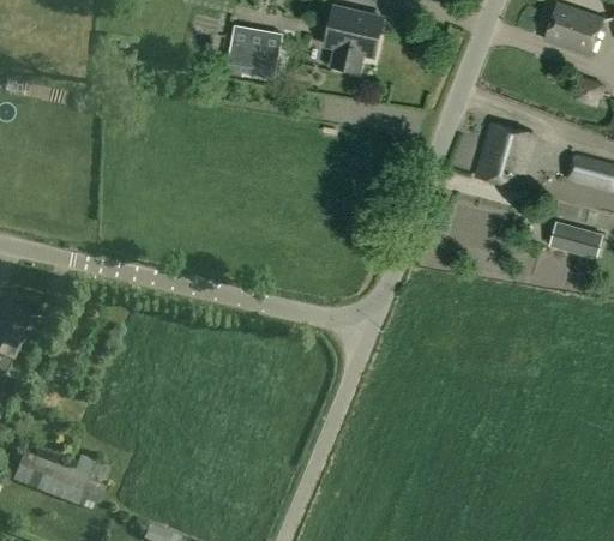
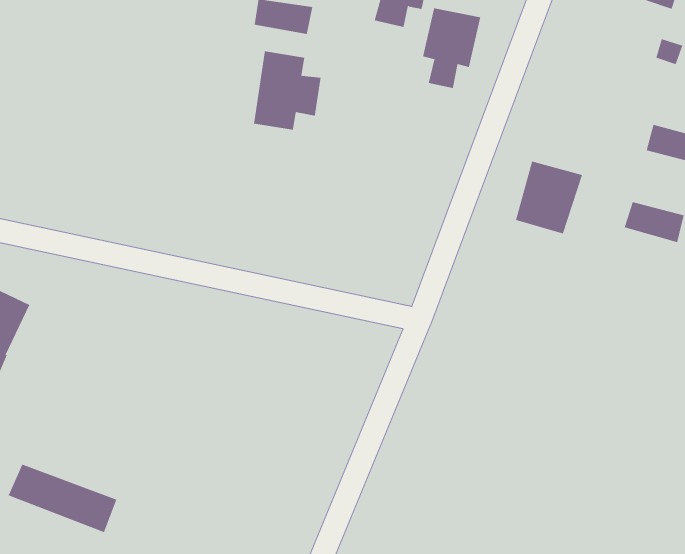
building: none -> [423,7,481,89]
building: none -> [254,50,321,130]
building: [476,124,535,187] -> [515,161,583,234]

